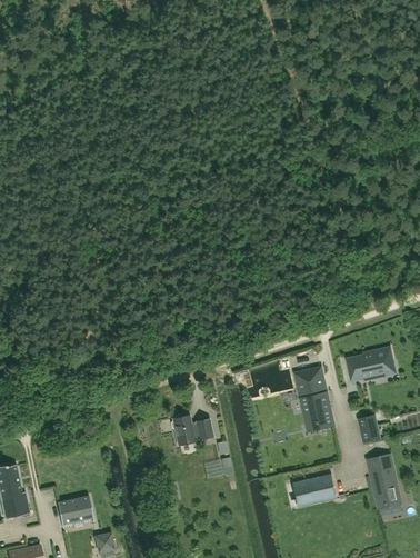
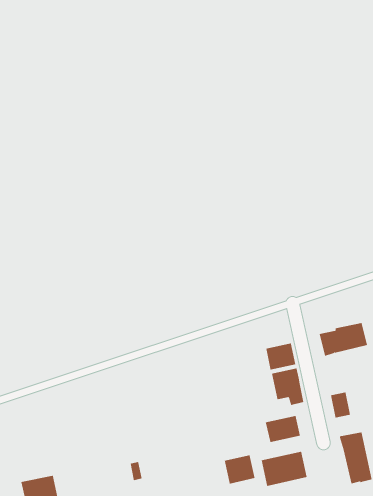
building: [170,415,212,446] -> none
building: none -> [265,415,301,443]
building: none -> [224,454,255,485]

